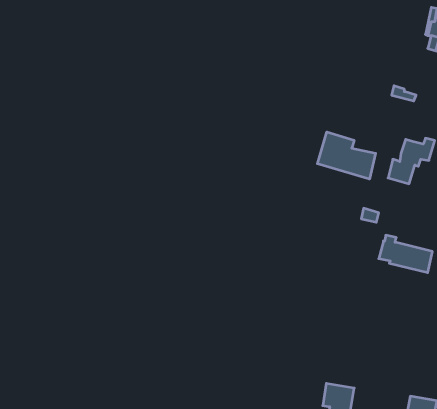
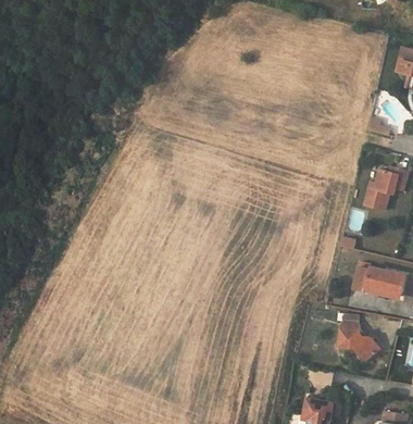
building: [317,132,376,179] -> none
building: none -> [337,321,377,360]

